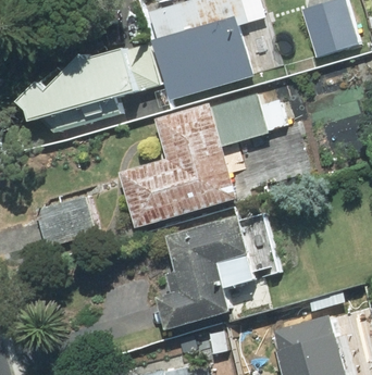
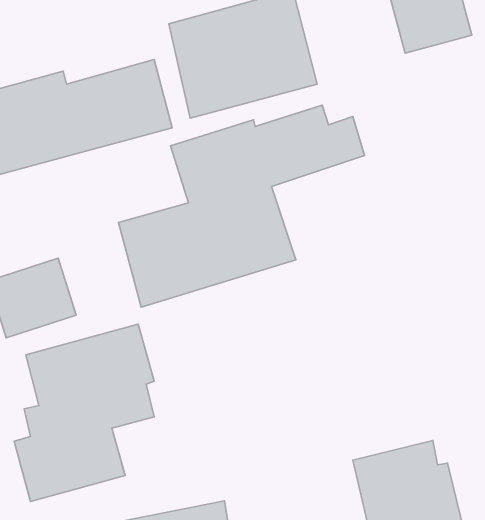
building: [159,215,252,334] -> [14,324,154,501]

